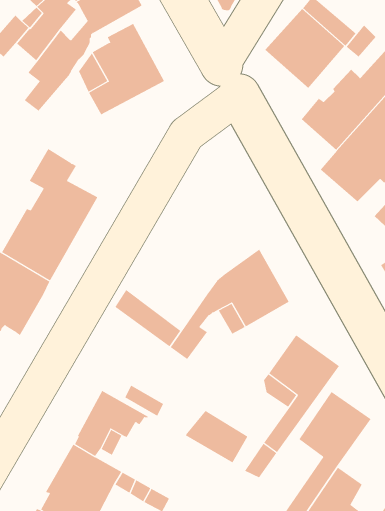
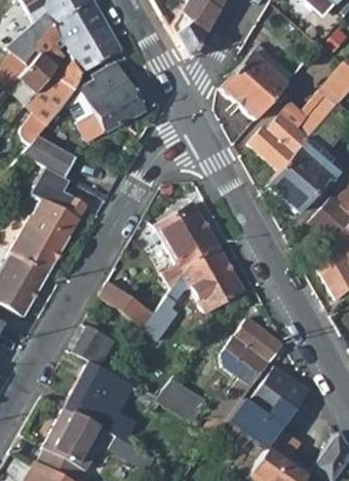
building: none -> [23,137,76,179]
building: none -> [155,205,218,286]
building: none -> [73,326,115,367]

